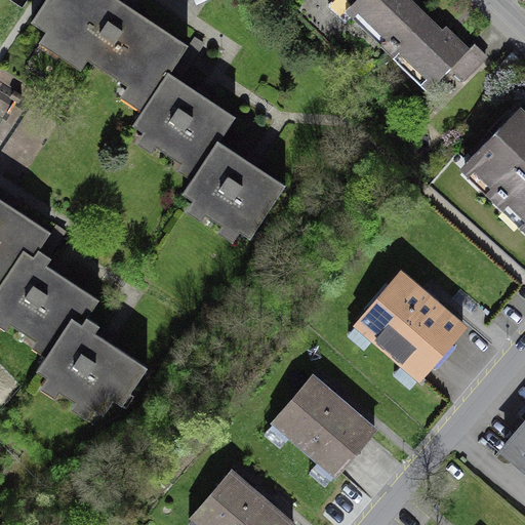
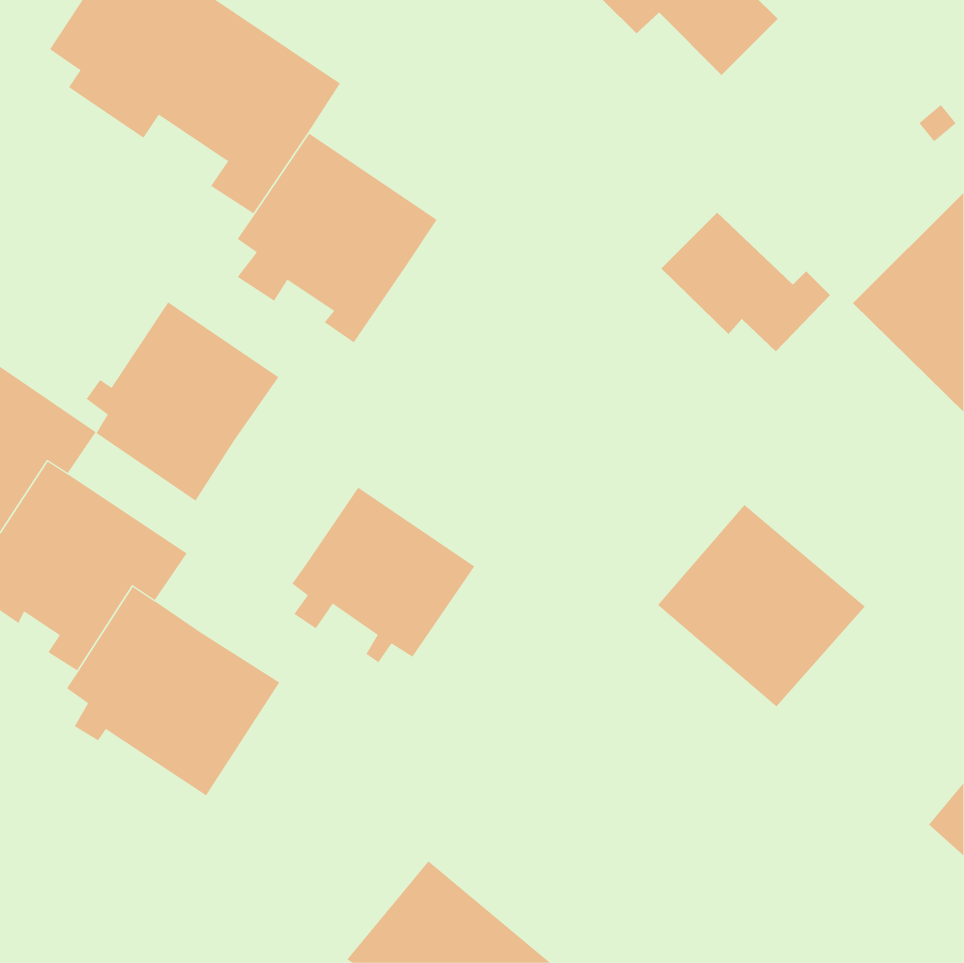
building: [391,10,483,86] -> [660,212,831,352]
building: [185,144,284,239] -> [292,487,475,663]
building: none -> [86,302,279,501]
building: [274,378,377,479] -> none

